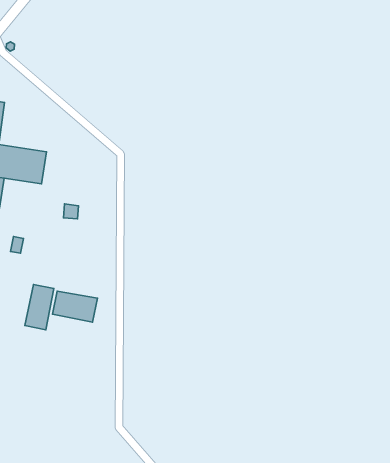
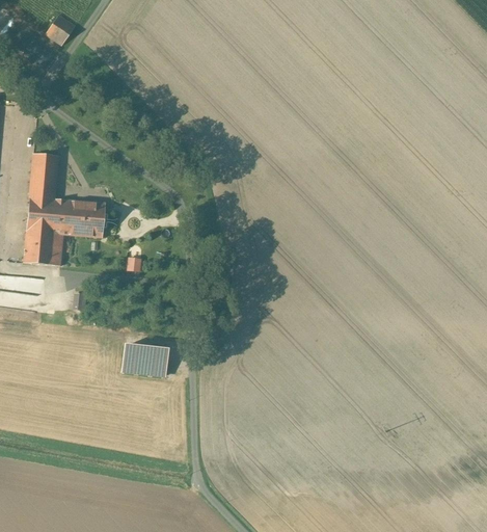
building: [25,285,54,330] -> none

